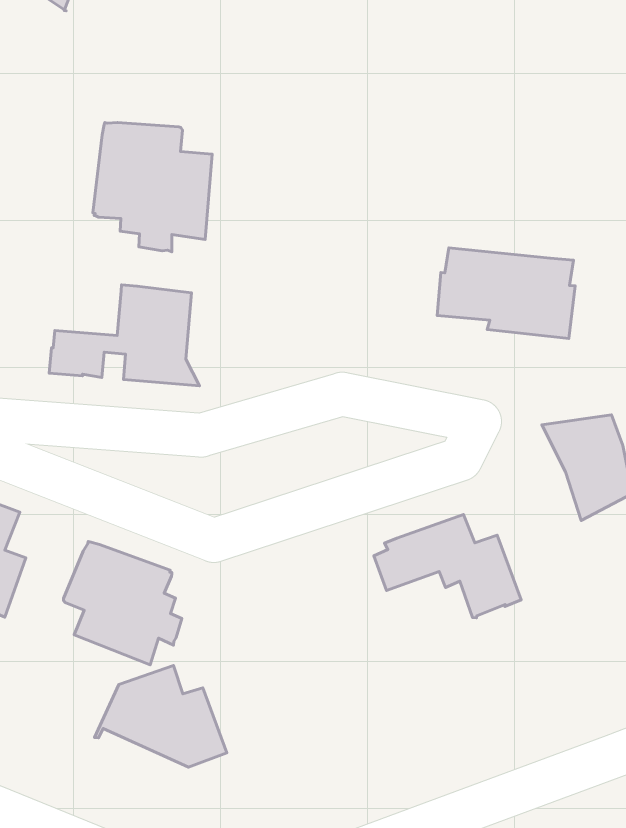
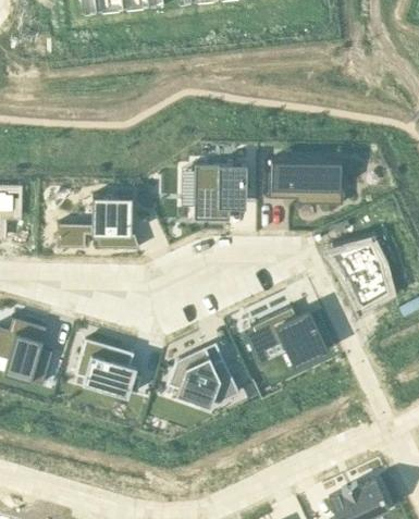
building: [93,123,212,252] -> none
building: none -> [195,162,245,218]
building: [95,666,227,767] -> [165,344,239,399]

